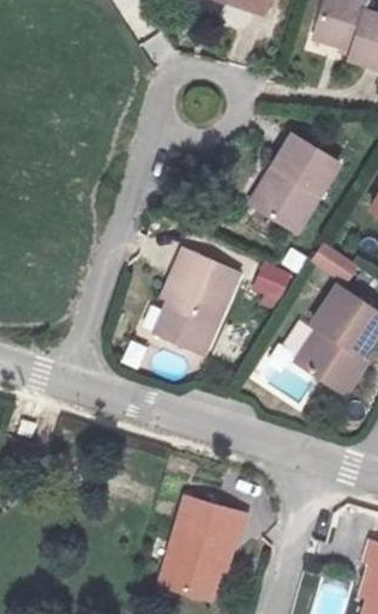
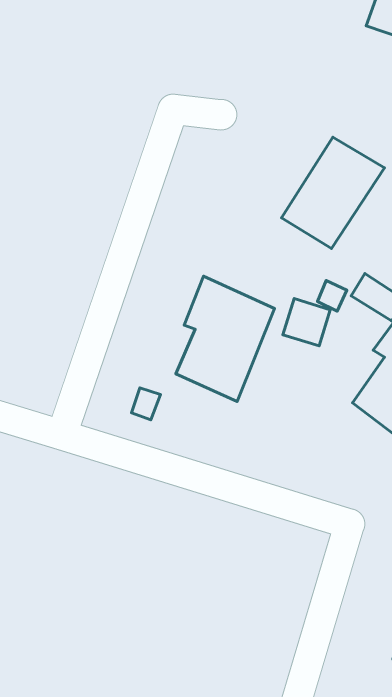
building: [149,498,233,597] -> none

